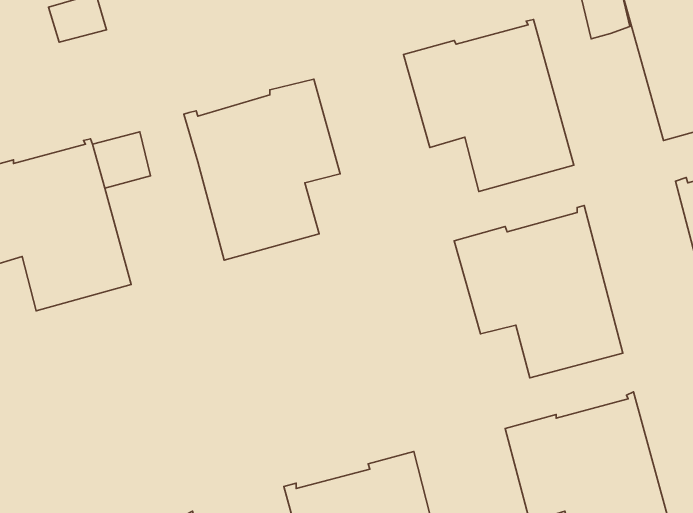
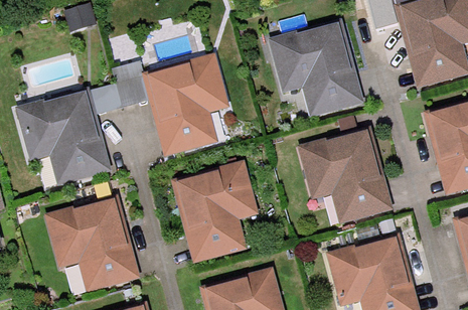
building: none -> [112,59,149,108]
building: none -> [170,159,259,263]
building: none -> [42,193,140,292]

